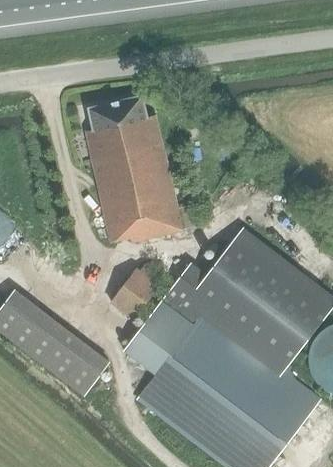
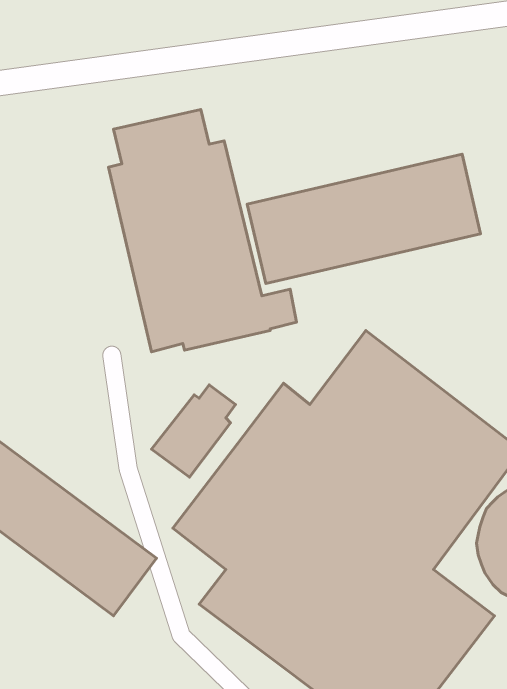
building: none -> [247,154,481,284]

